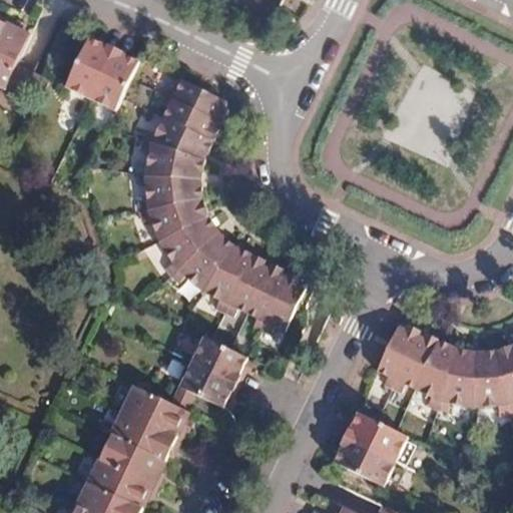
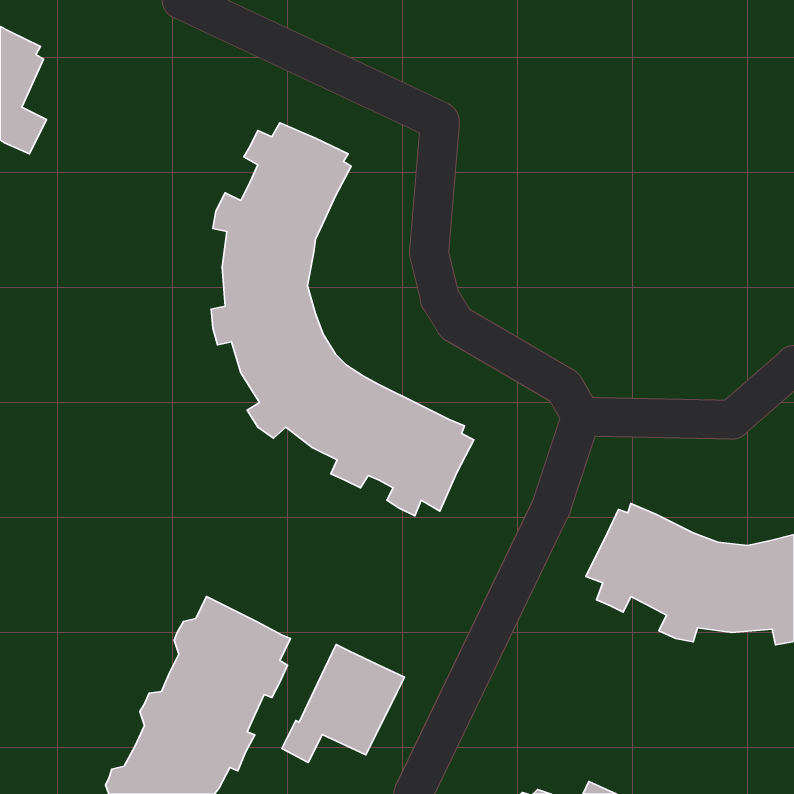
building: [65,37,138,109] -> none
building: [165,334,244,410] -> [282,644,405,763]
building: [335,413,407,486] -> none

